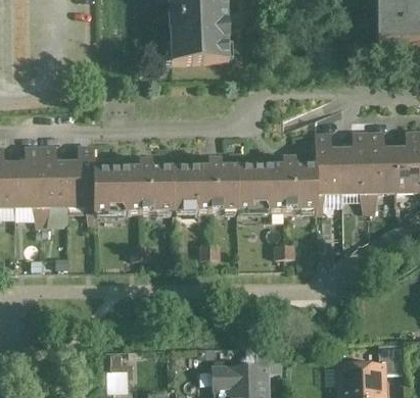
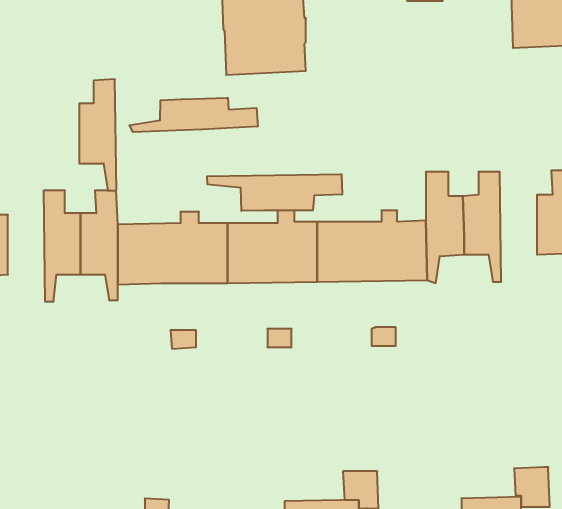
building: none -> [129,98,258,132]
building: [368,131,394,209] -> none
building: none -> [207,174,342,211]
building: [15,144,42,223] -> [79,79,116,190]

